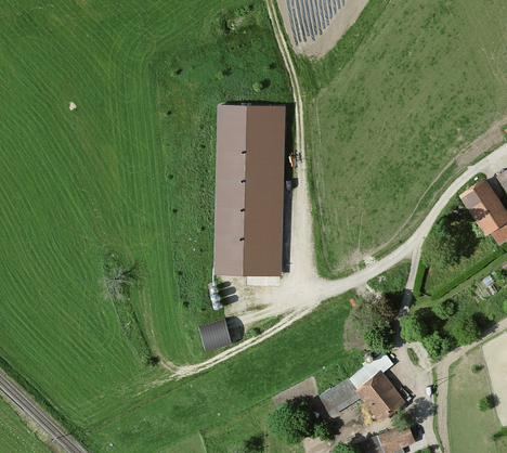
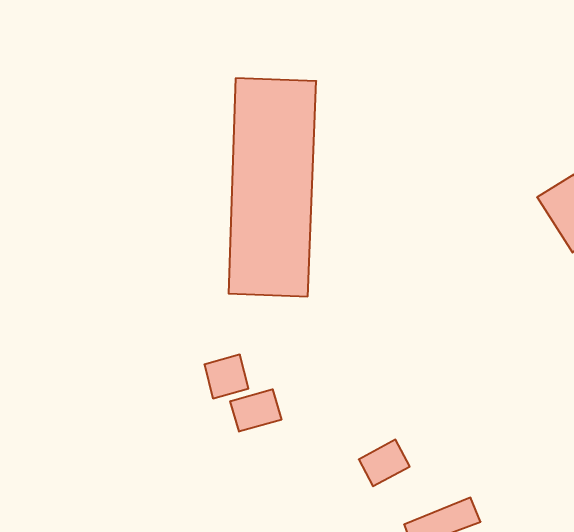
building: none -> [230,389,281,432]
building: [352,371,402,420] -> none

